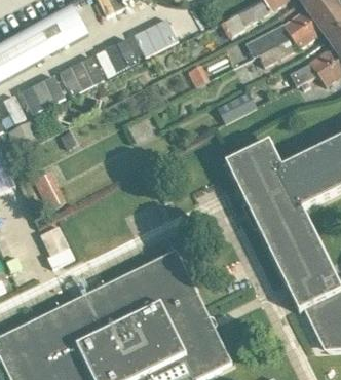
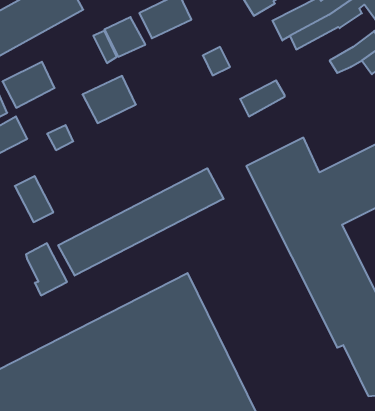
building: [60,55,104,94] -> [82,76,136,123]
building: none -> [58,168,224,276]

